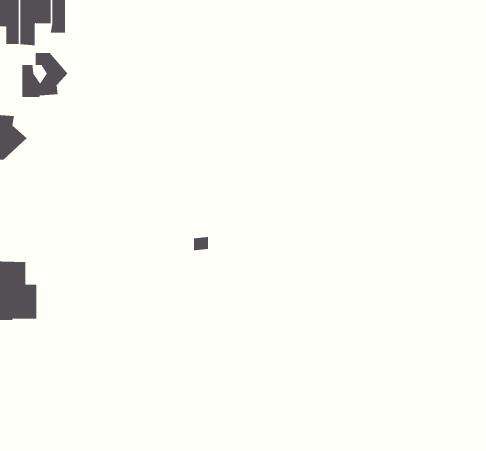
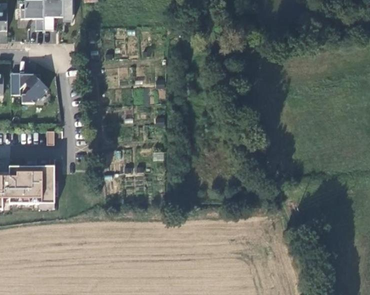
building: [22,52,68,98] -> none

